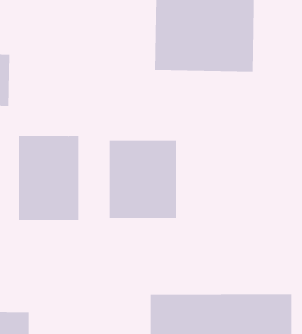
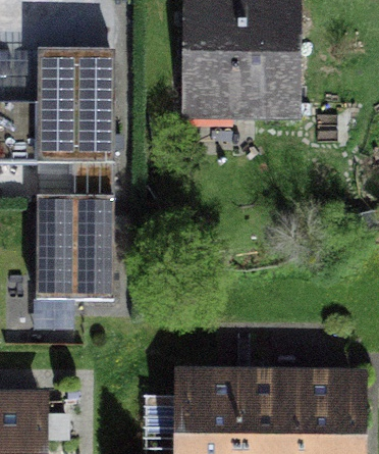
building: none -> [34,45,110,153]
building: [109,140,177,219] -> none

